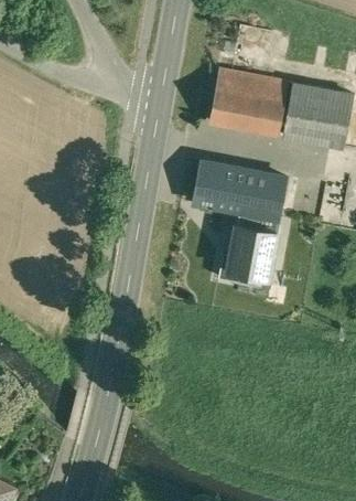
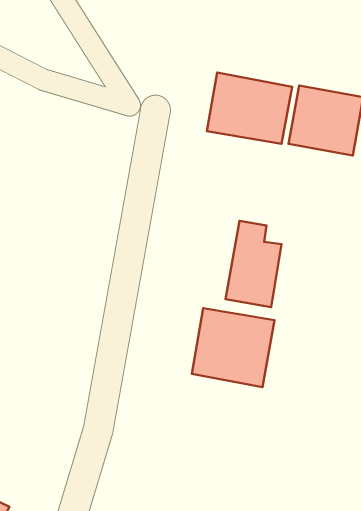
building: [193,159,288,218] -> none
building: none -> [192,308,275,387]

